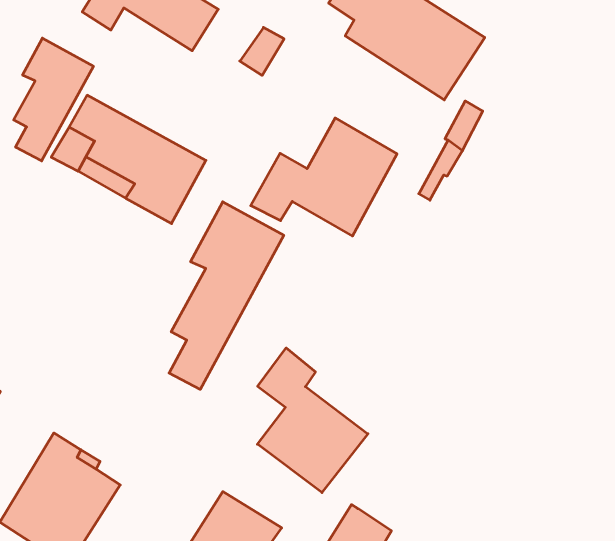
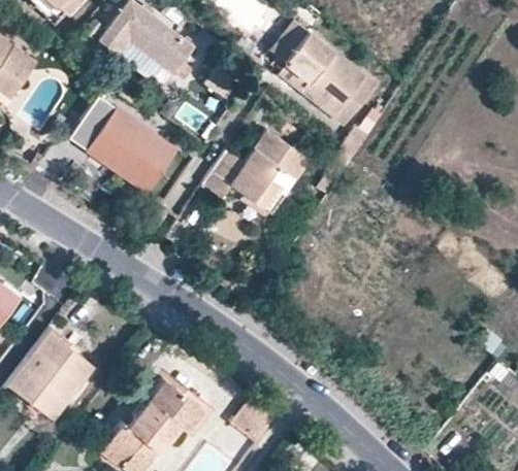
building: [14,38,93,161] -> none
building: [169,202,284,389] -> none
building: [257,348,368,493] -> none

